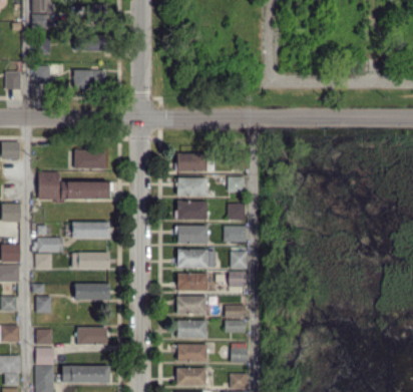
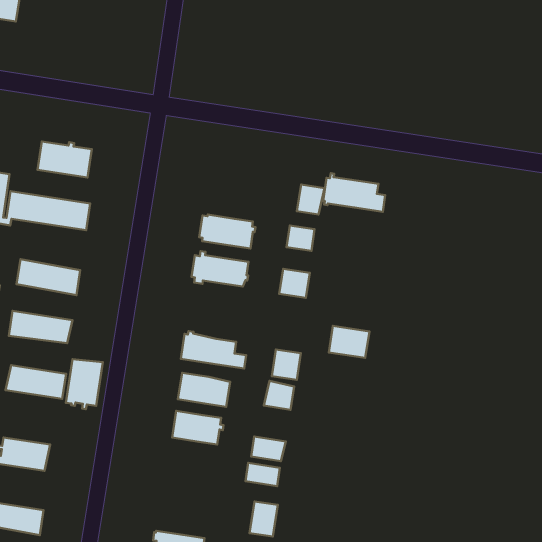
building: [75,70,104,87] -> none
building: [176,152,213,171] -> [323,173,385,212]
building: [175,226,208,243] -> none
building: [225,226,247,242] -> [329,326,369,358]
building: none -> [66,359,103,409]
building: [178,321,208,337] -> none
building: [177,345,208,361] -> none

